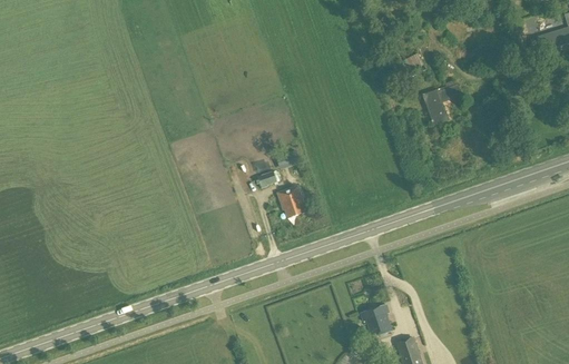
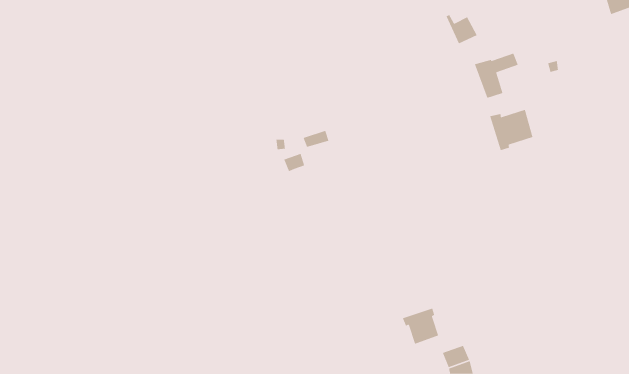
building: none -> [489,109,533,151]
building: [276,184,305,217] -> none

